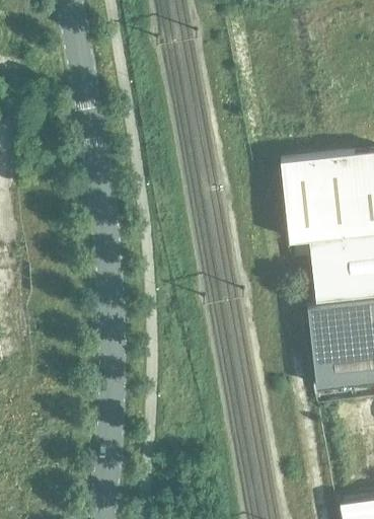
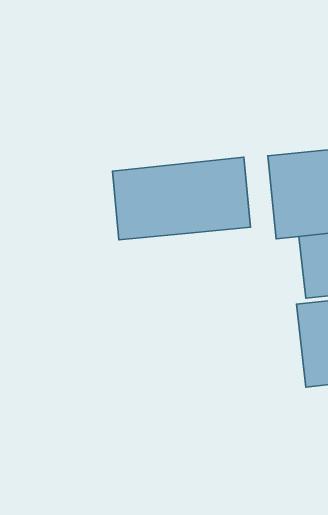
building: none -> [112,157,251,240]

